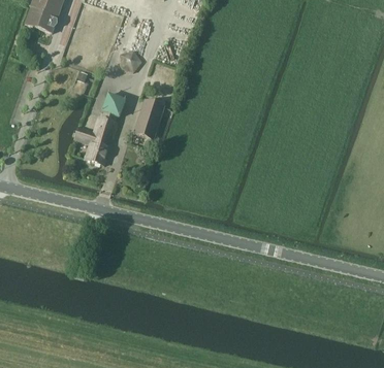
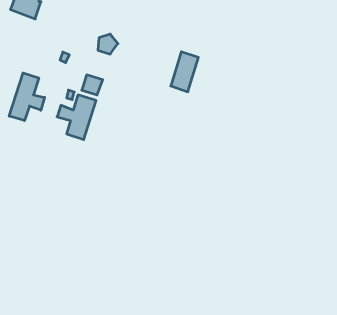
building: none -> [9,73,45,121]
building: [134,95,164,138] -> [171,52,198,92]

